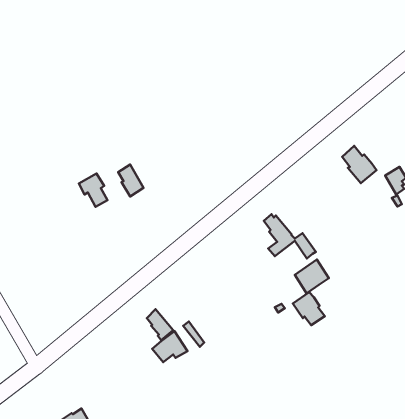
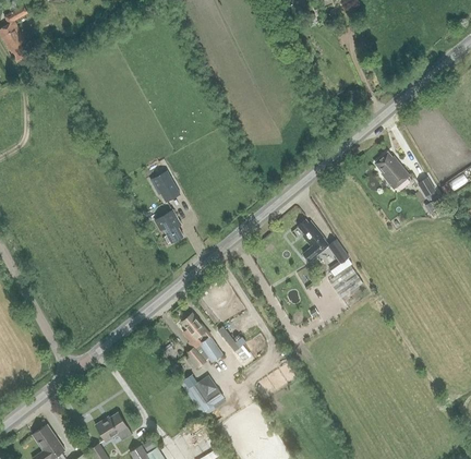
building: [79,174,108,207] -> [155,210,183,243]
building: [293,292,325,325] -> none
building: none -> [183,373,224,412]

